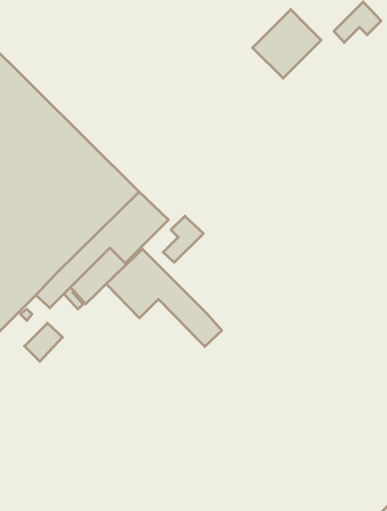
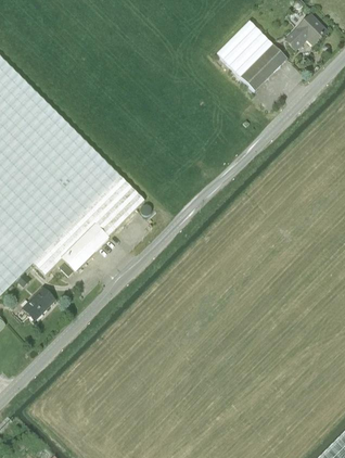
building: none -> [242,48,286,92]
building: [163,216,203,262] -> none
building: [106,249,222,347] -> none

